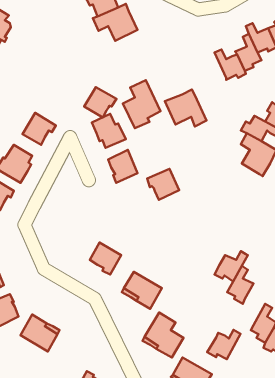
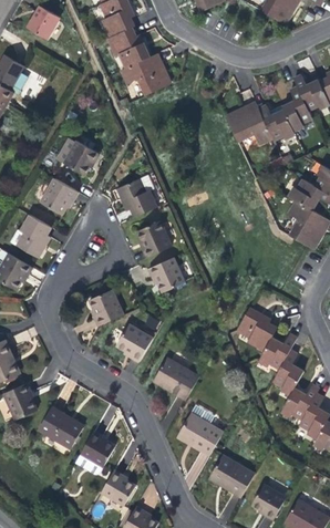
building: [123,80,161,128] -> none
building: [84,87,116,117] -> [62,139,99,174]
building: [165,89,207,127] -> [224,102,271,144]
building: [147,169,179,200] -> [148,257,185,292]
building: none -> [89,289,122,325]
building: none -> [236,308,276,350]
building: [207,330,240,359] -> [280,385,318,418]
building: none -> [76,431,113,473]

